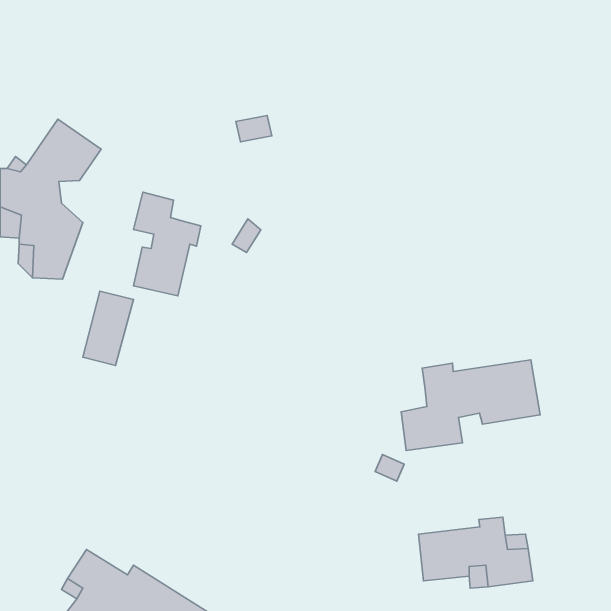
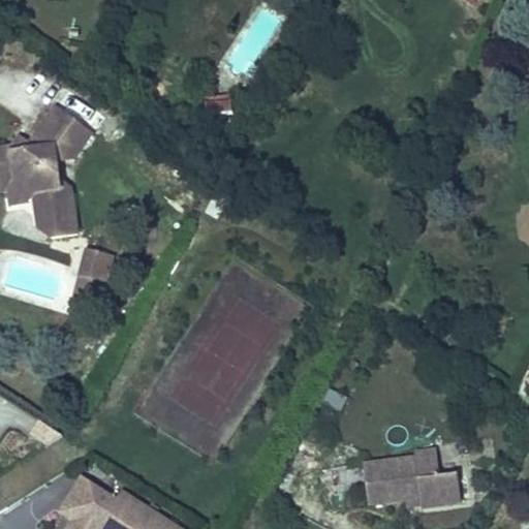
building: [133,192,201,296] -> none
building: [401,360,540,450] -> none

